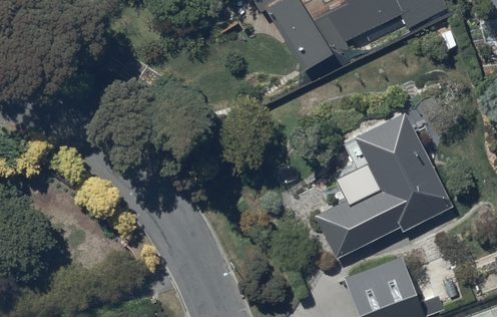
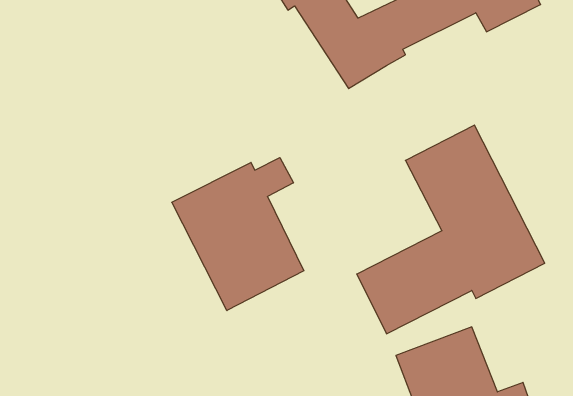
building: none -> [172,158,304,311]

